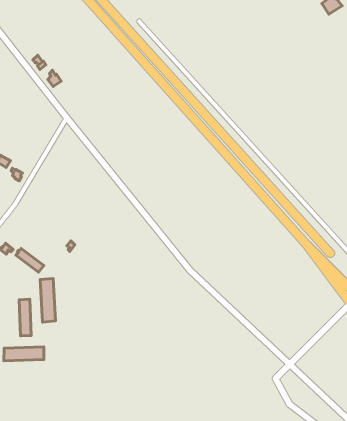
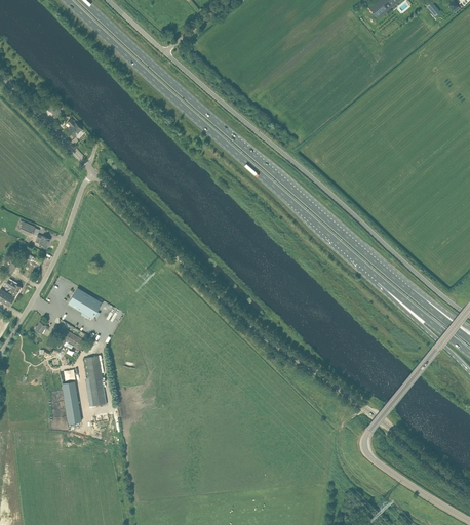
building: none -> [68,288,101,318]
building: [4,347,44,361] -> none

